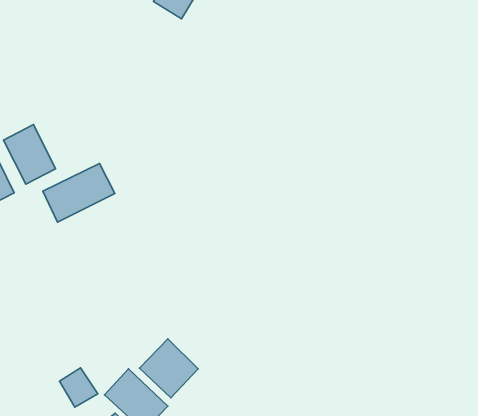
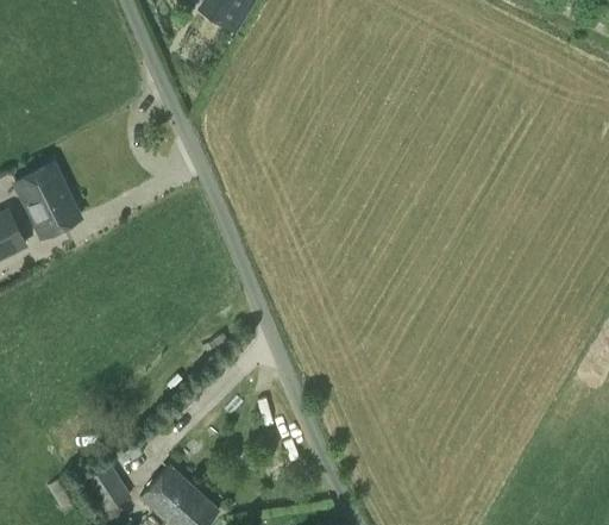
building: [43,163,115,222] -> none
building: [140,339,198,398] -> none

